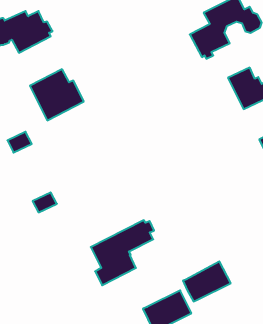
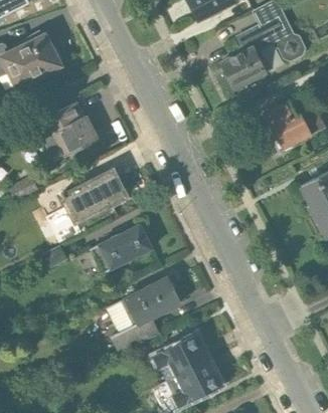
building: none -> [63,169,127,220]
building: none -> [92,222,154,272]
building: [183,261,231,301] -> [155,333,210,379]

